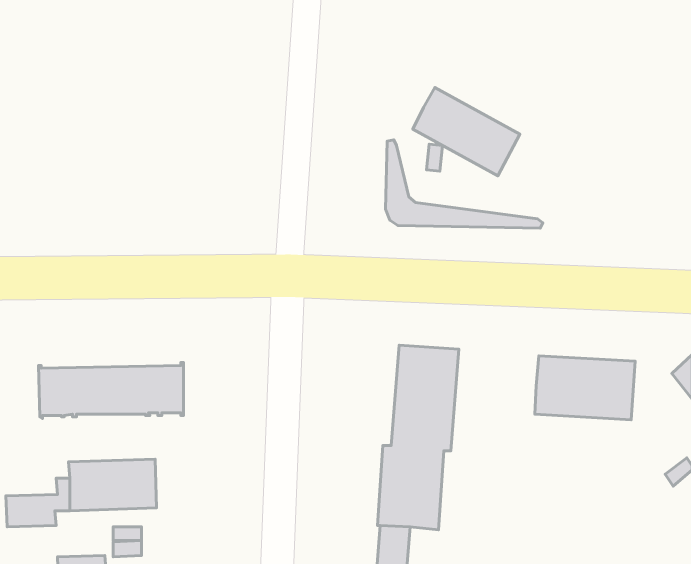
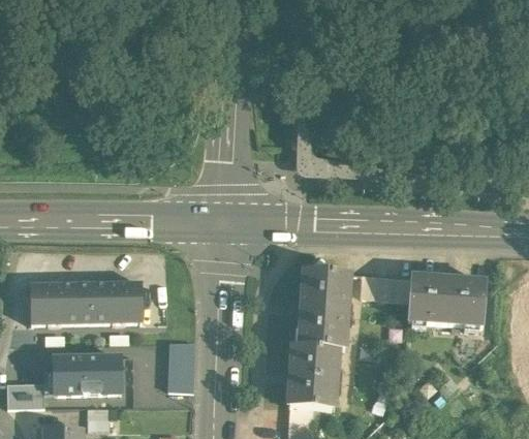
building: [413,87,520,176] -> none
building: none -> [362,275,411,300]
building: none -> [168,344,193,391]

